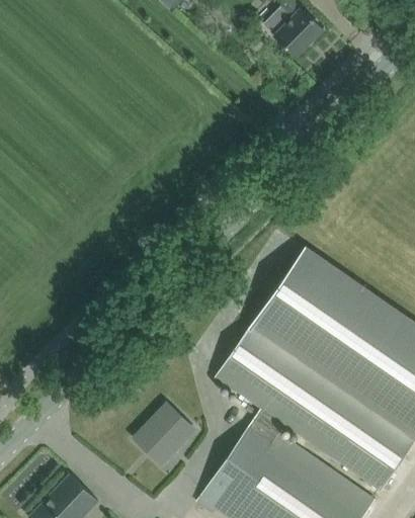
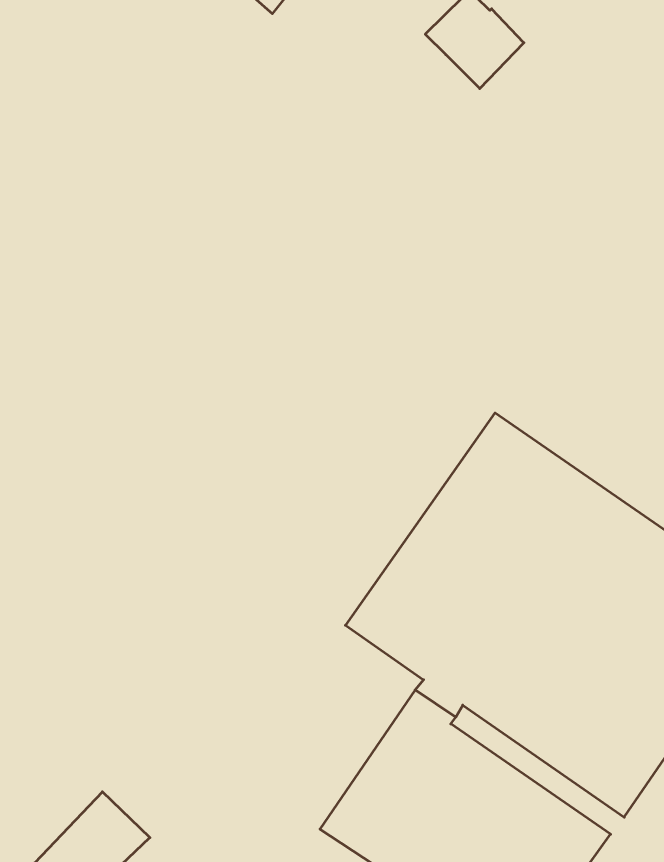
building: [135,404,189,464] -> none

